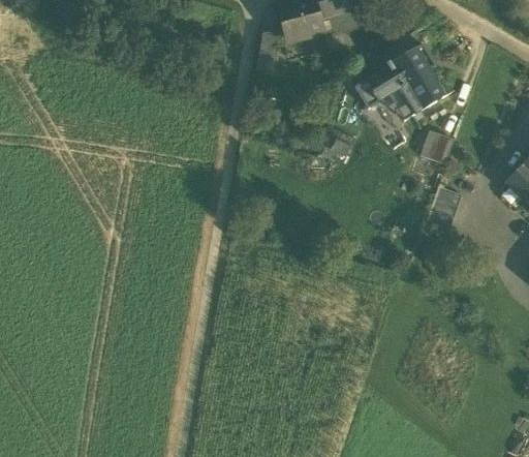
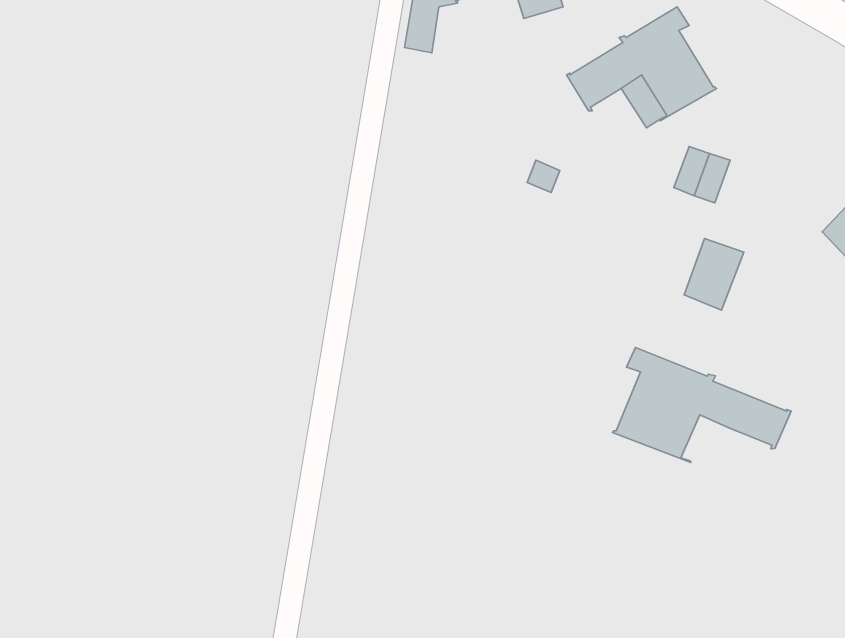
building: none -> [612,348,791,463]

